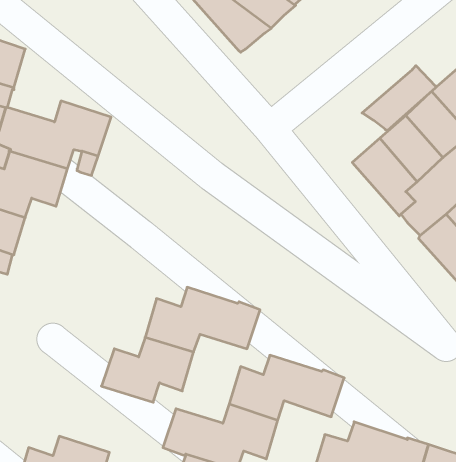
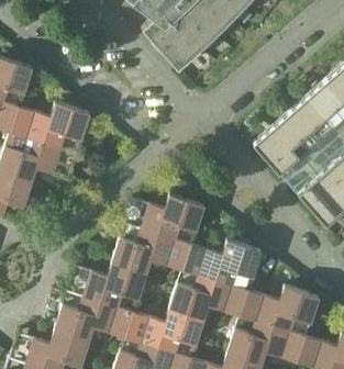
building: [362,66,436,131] -> none
building: none -> [141,195,203,241]
building: none -> [181,241,260,287]
building: none -> [238,287,318,333]
building: none -> [54,297,133,342]

